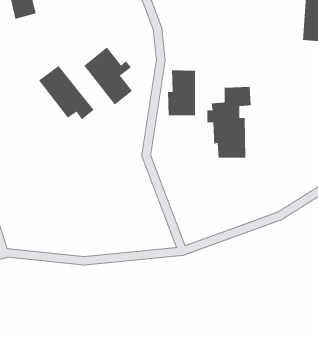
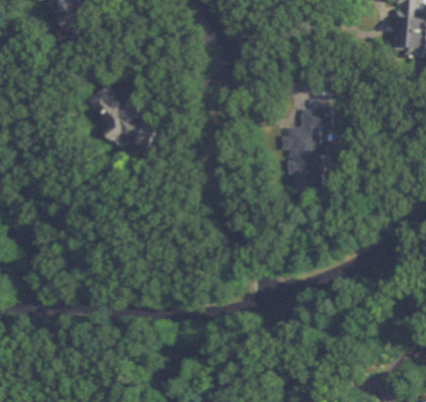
building: [83,47,133,105] -> none
building: [167,70,196,116] -> none

